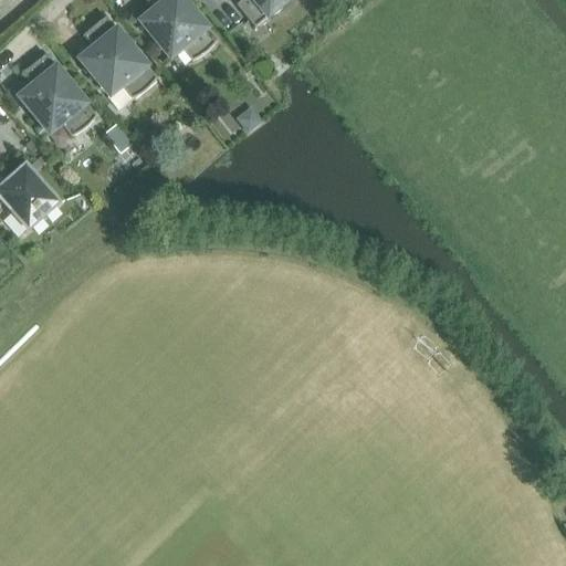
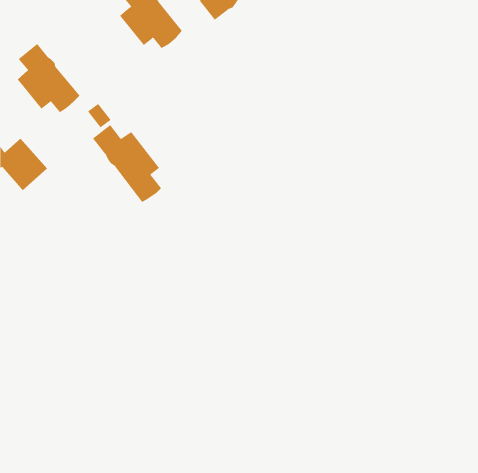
building: [80,13,155,95] -> none
building: none -> [92,124,162,203]

